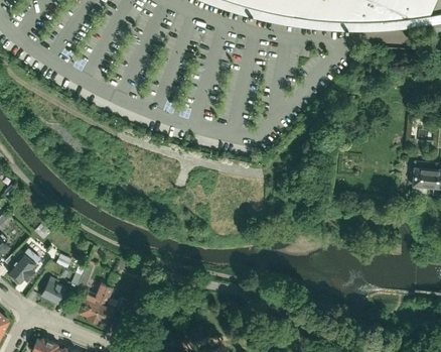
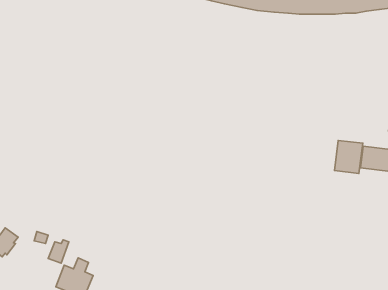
building: none -> [335,140,363,174]
building: [41,276,67,303] -> none

